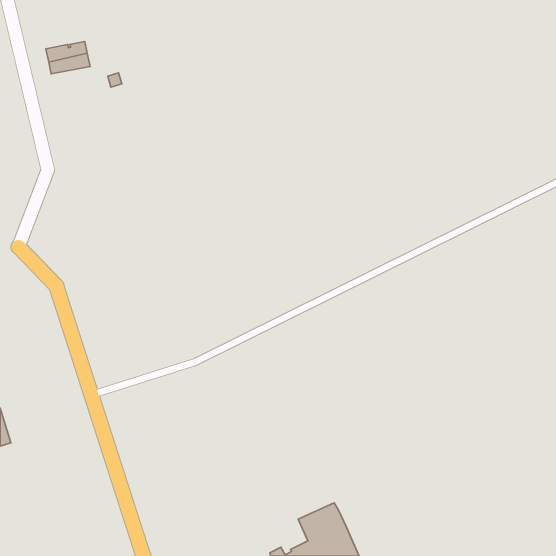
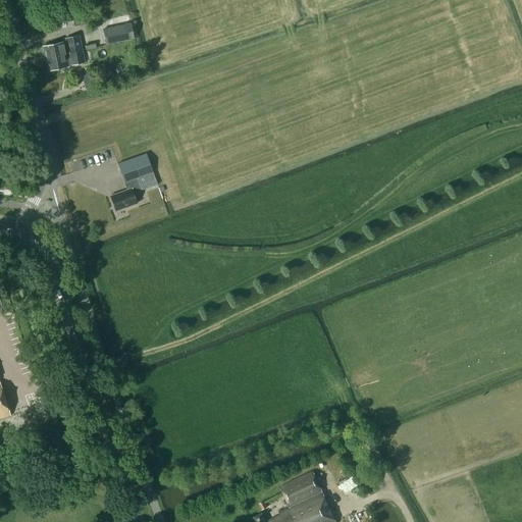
building: none -> [104,22,134,44]
building: none -> [110,154,153,211]

